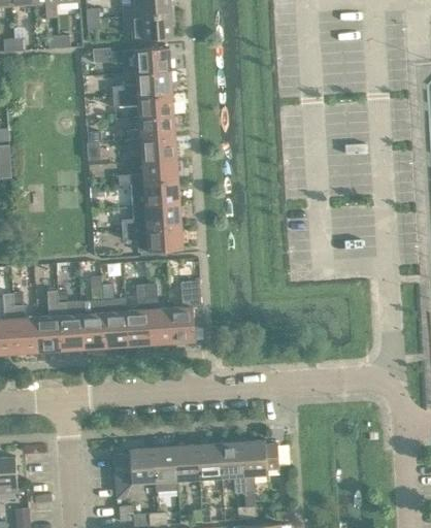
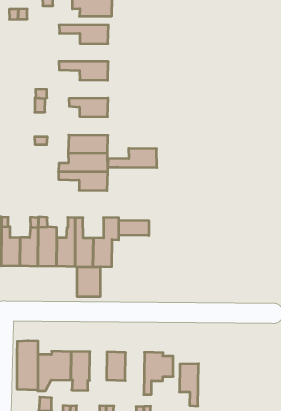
building: [112,71,172,97] -> none
building: [127,116,175,141] -> none
building: [119,160,178,187] -> [108,148,157,168]
building: none -> [119,220,149,236]
building: none -> [77,267,100,297]
building: none -> [17,341,38,390]
building: [220,442,245,494] -> [179,364,199,406]
building: [176,446,199,482] -> none

